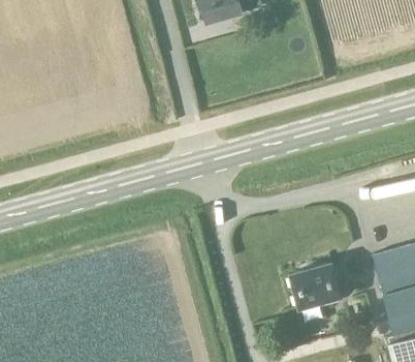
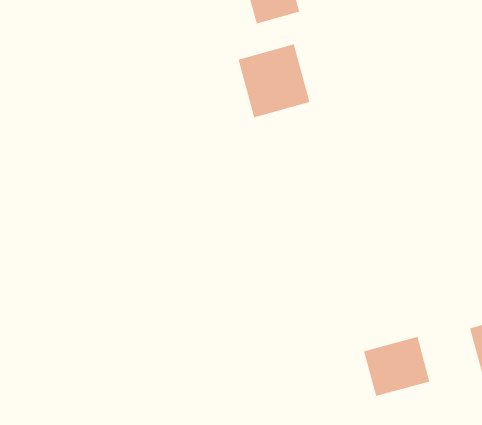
building: none -> [238,44,310,118]

